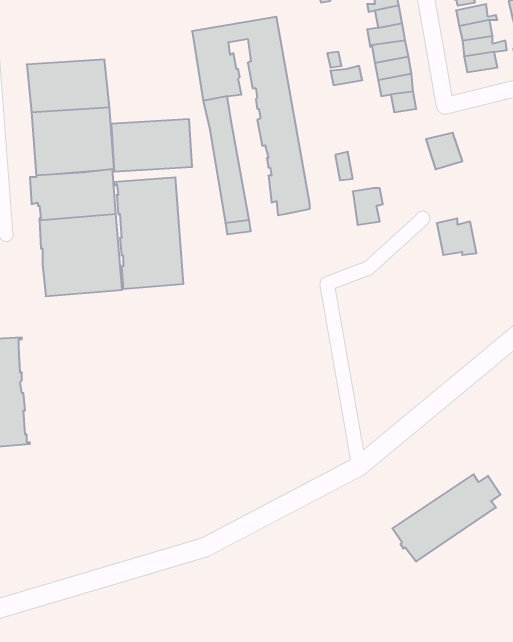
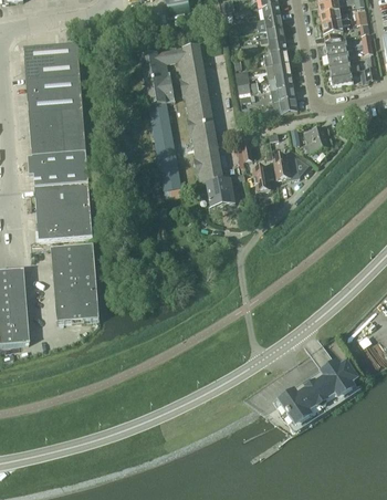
building: [111,119,192,172] -> [23,42,80,79]
building: [113,177,183,289] -> [50,244,98,322]
building: none -> [206,171,244,206]
building: [437,218,476,255] -> [272,153,300,178]

